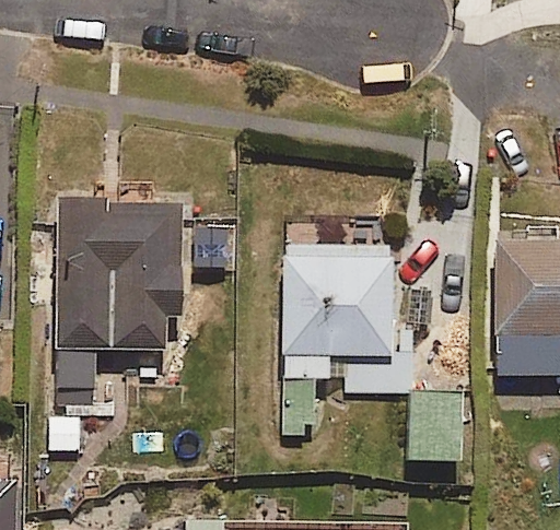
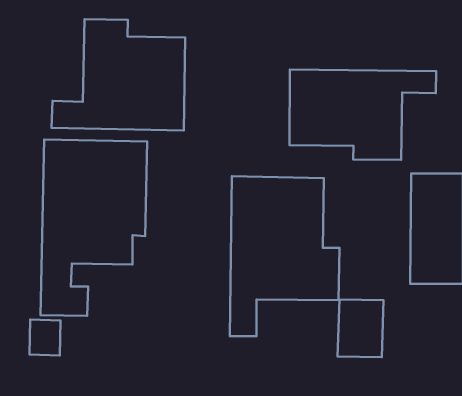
building: none -> [52,19,185,130]
building: none -> [290,69,436,160]

